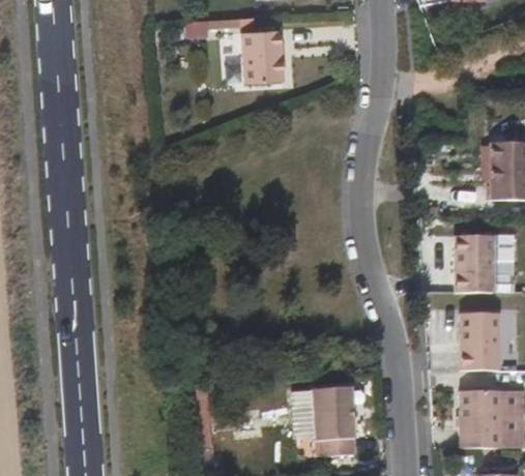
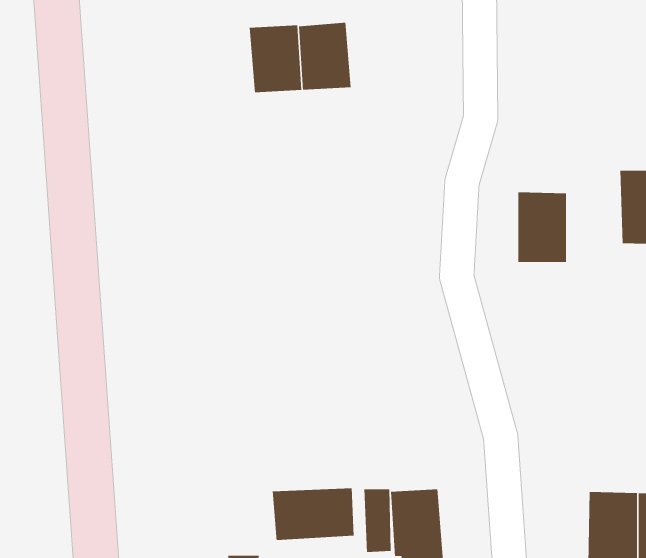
building: [456,236,494,291] -> [517,192,567,262]
building: [456,314,494,364] -> none
building: none -> [272,487,354,541]

